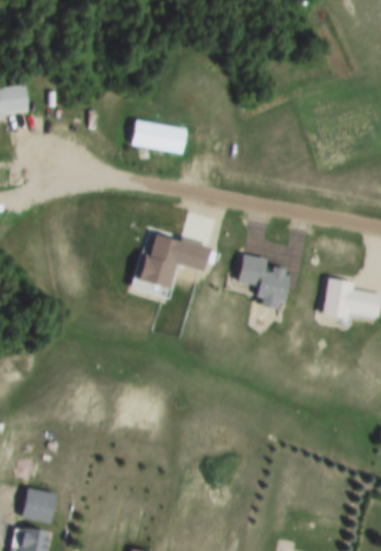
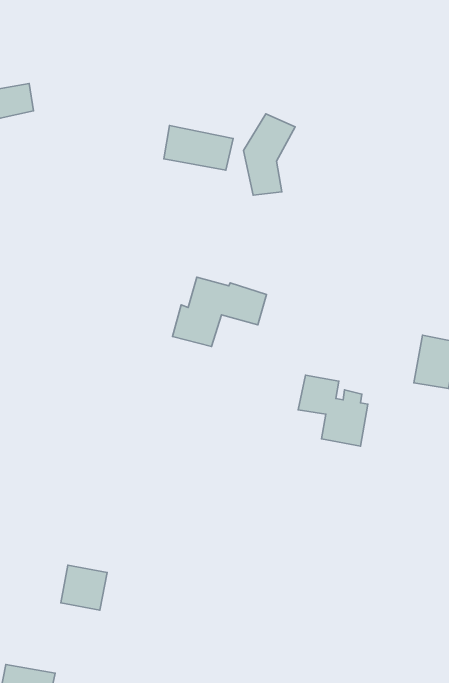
building: none -> [243,114,295,195]
building: [236,255,289,309] -> [298,375,368,446]
building: [21,489,56,523] -> [61,565,107,610]

